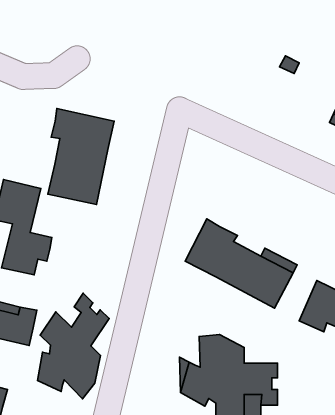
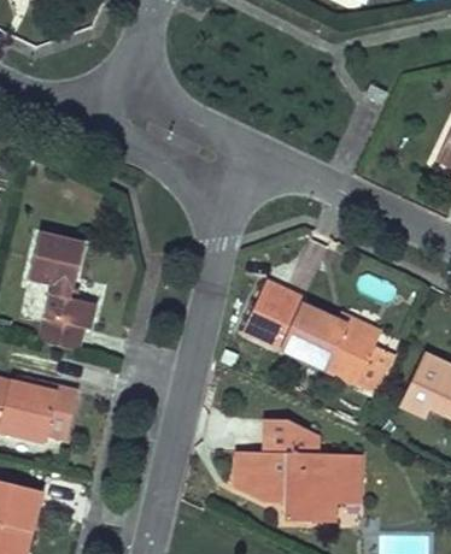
building: [48,108,114,205] -> none
building: [38,293,109,399] -> none

